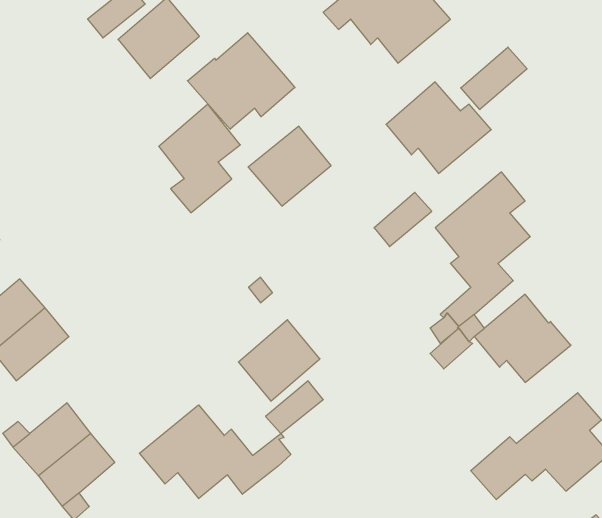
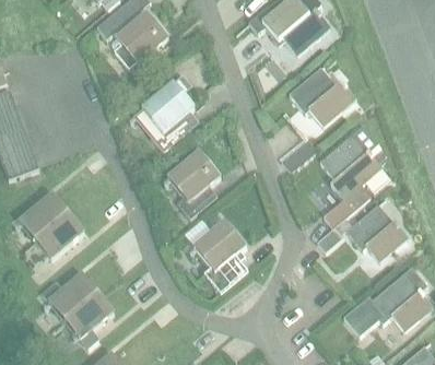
building: [187,33,295,129] -> none
building: [461,47,527,110] -> none
building: [248,126,331,206] -> [167,150,221,201]
building: [139,405,291,499] -> none

